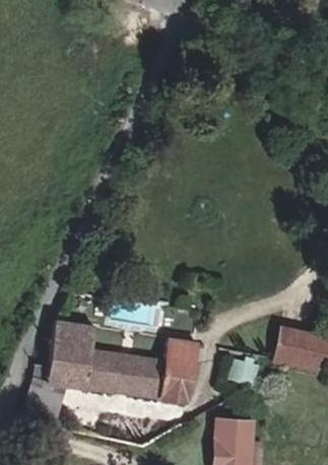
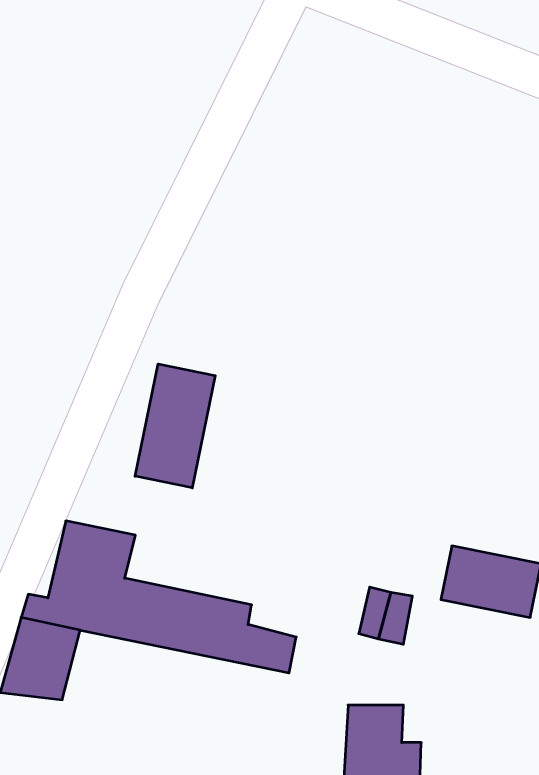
building: none -> [135,364,215,488]
building: [160,341,196,383] -> none

